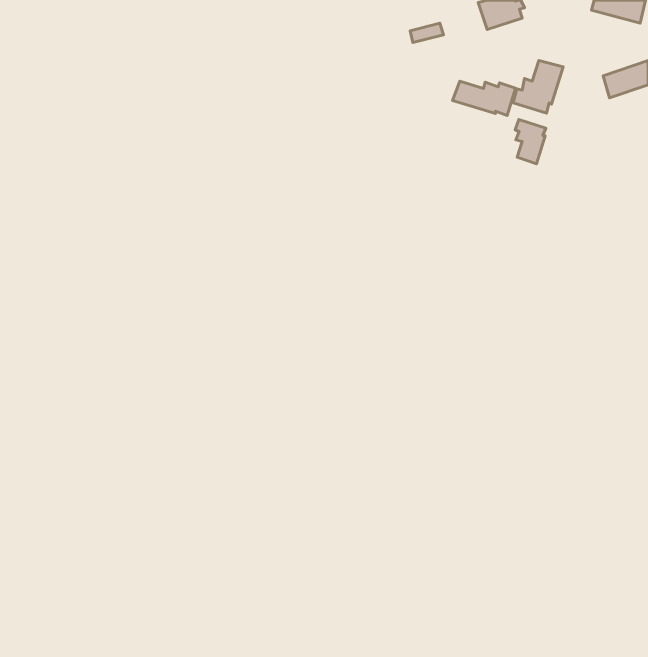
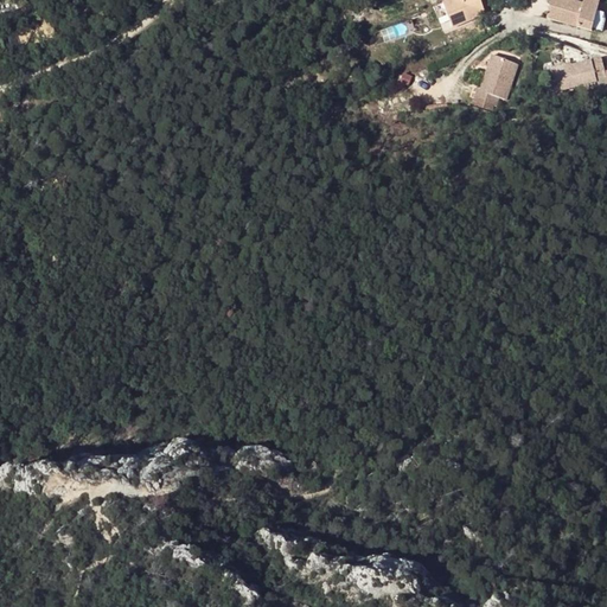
building: [453,81,516,115] -> none
building: [515,120,546,164] -> none

